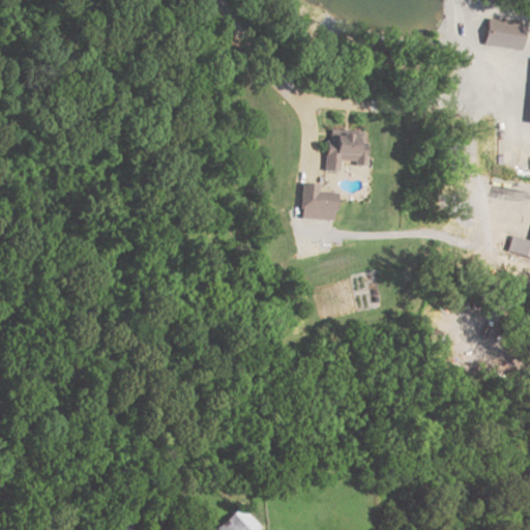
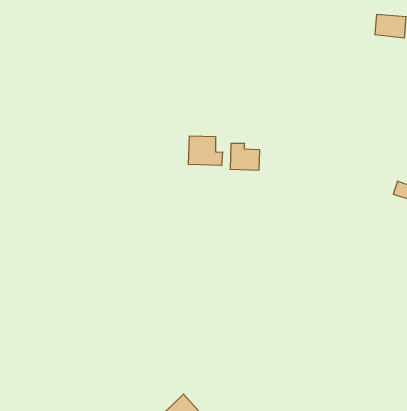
building: [326,131,370,171] -> none
building: none -> [189,136,223,166]

